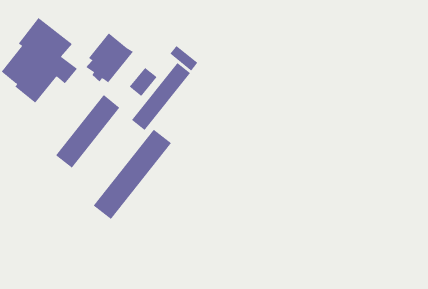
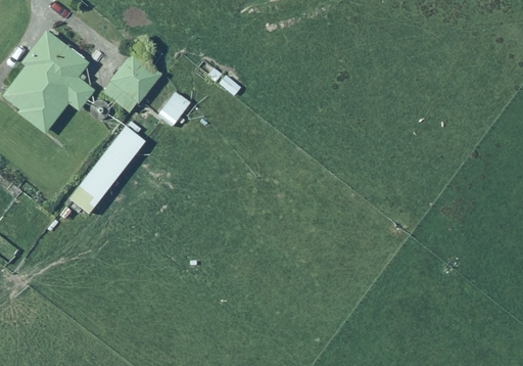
building: [131,62,191,131] -> none
building: [93,129,172,220] -> none

